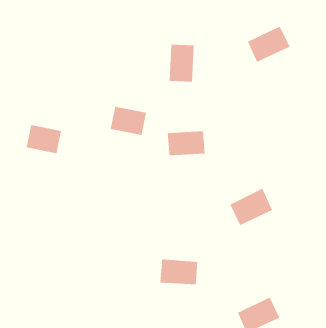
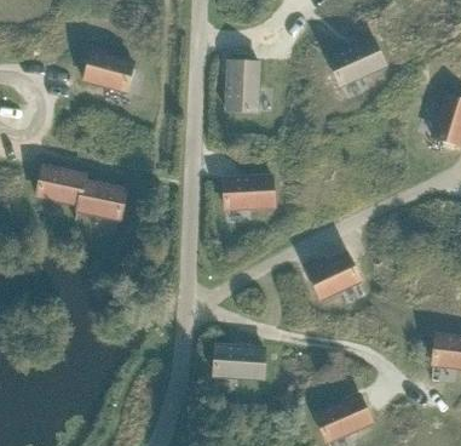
building: none -> [83,45,133,91]
building: [110,106,147,136] -> [77,182,126,221]

